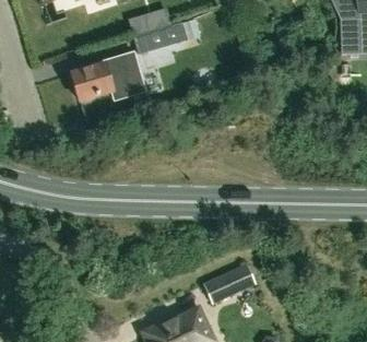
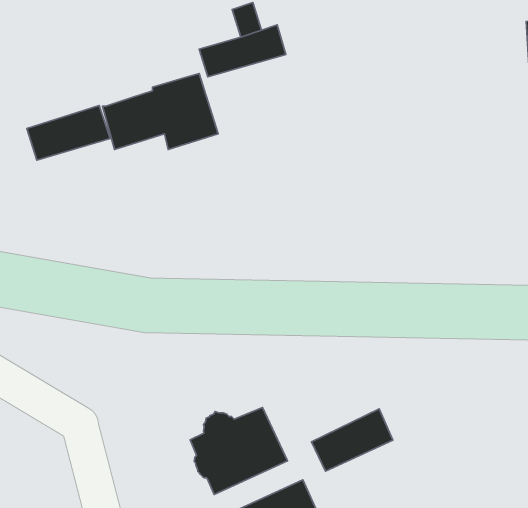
building: none -> [27,106,110,160]
building: none -> [190,407,287,494]

